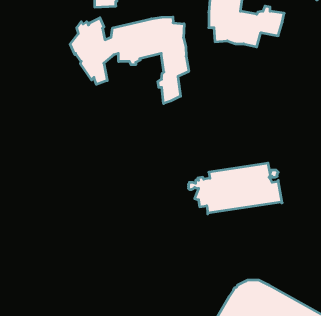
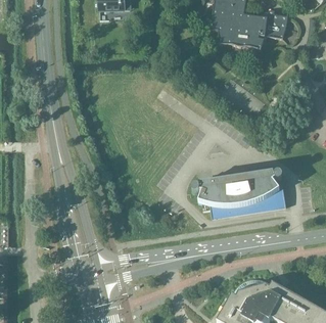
building: [70,17,189,104] -> none

